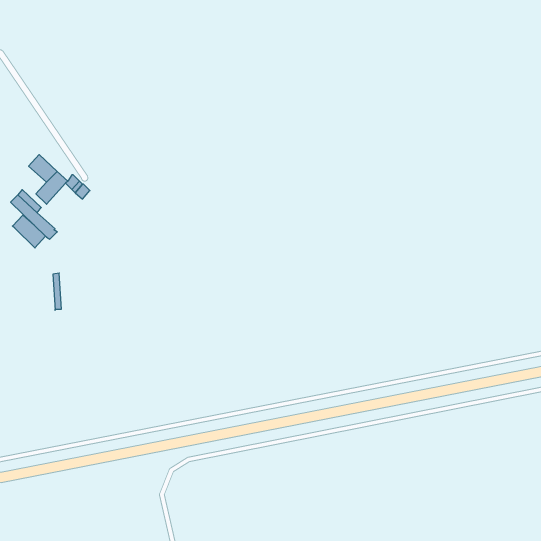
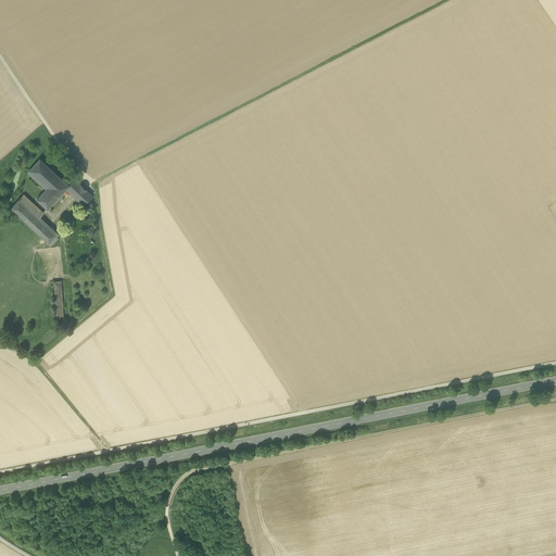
building: [12,215,45,248] -> none

